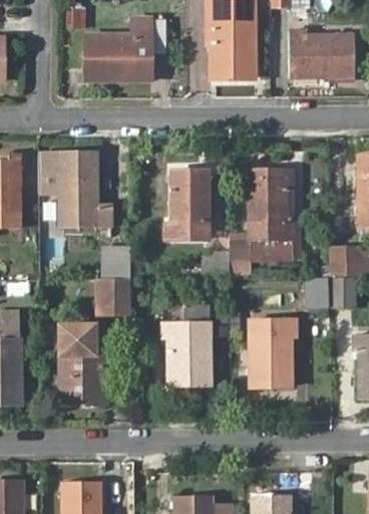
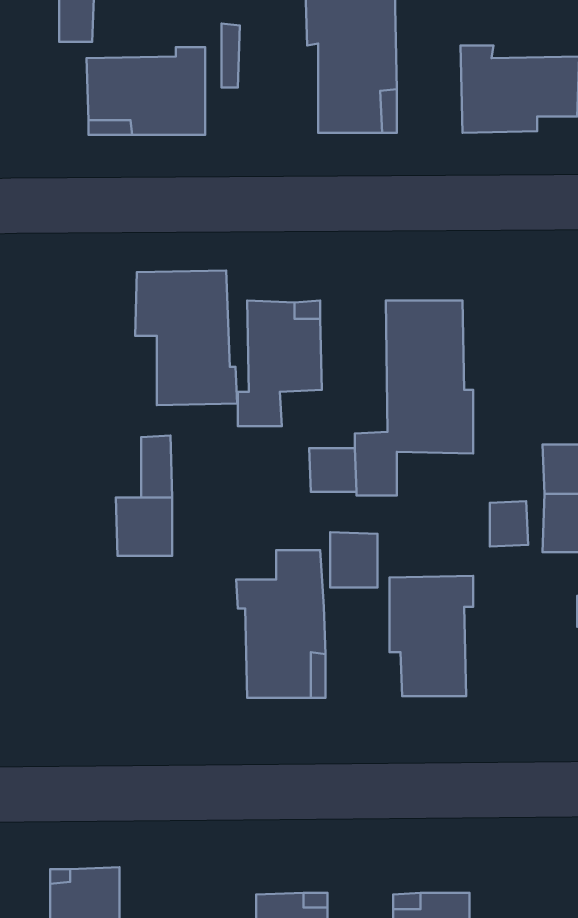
building: [46,155,102,229] -> [135,270,237,405]
building: none -> [330,532,377,587]
building: [56,326,102,403] -> none

